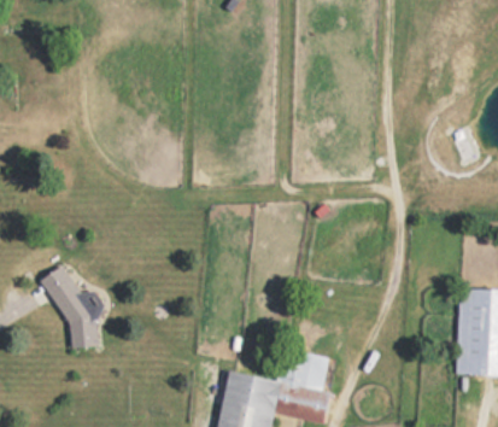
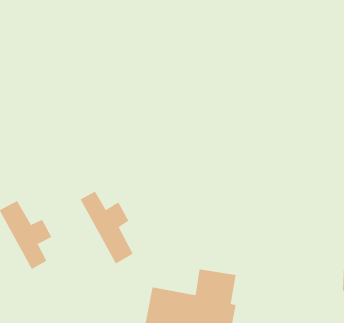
building: none -> [80,191,134,264]

